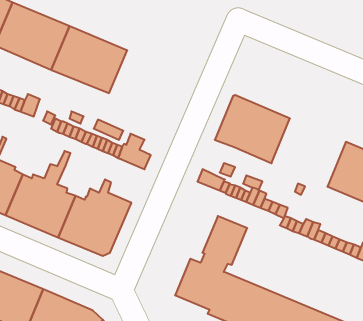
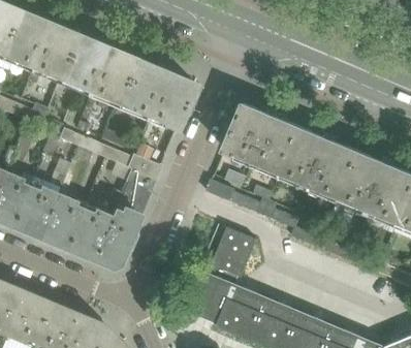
building: none -> [117,59,194,128]
building: none -> [282,128,357,197]
building: none -> [116,169,153,214]

